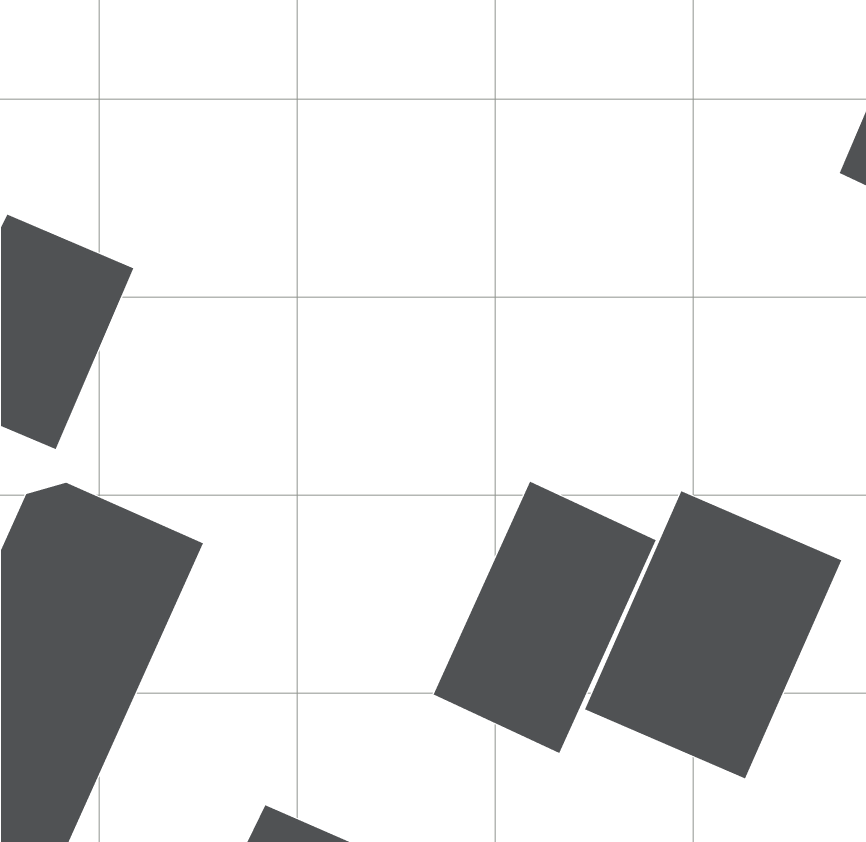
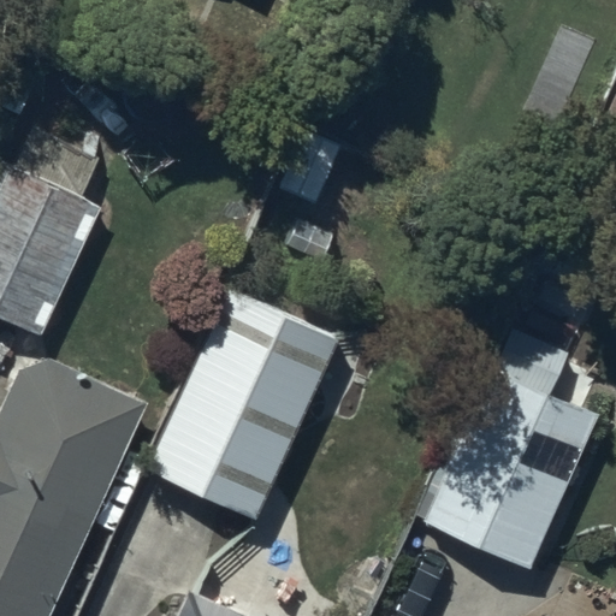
building: none -> [144,290,336,520]
building: [433,481,656,754] -> none

